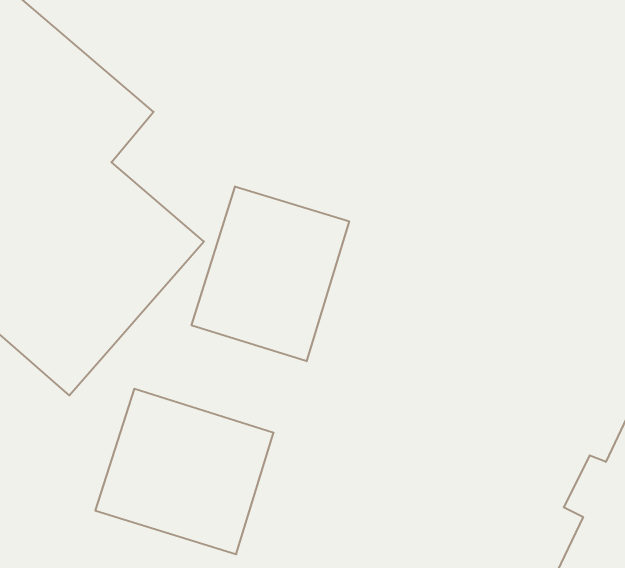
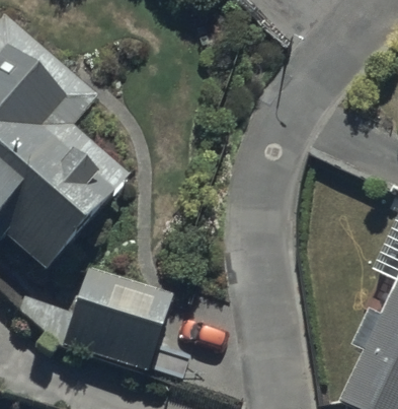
building: [192,186,349,361] -> none

